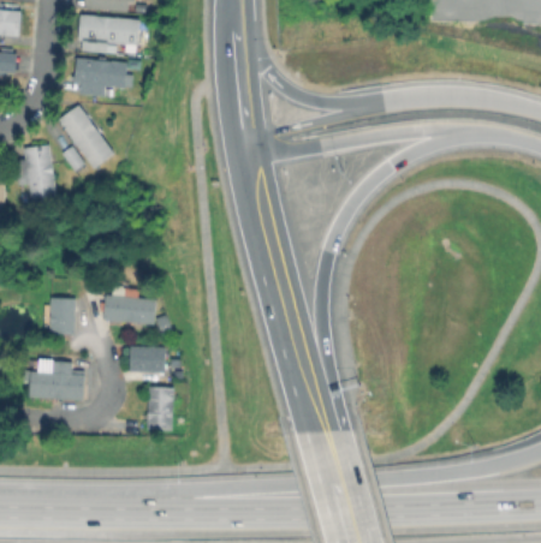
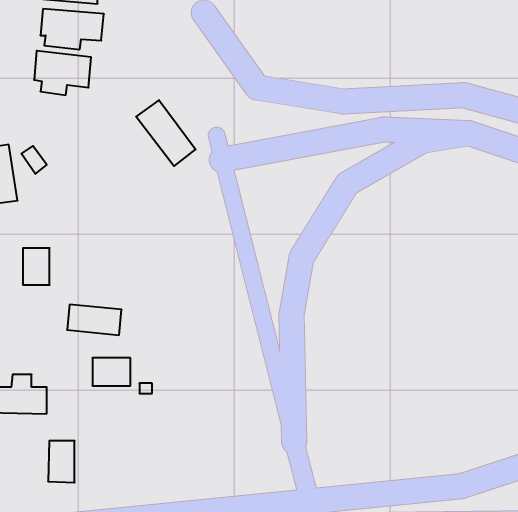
building: [58,106,114,168] -> [136,100,196,166]
building: [48,299,73,334] -> [23,248,50,285]
building: [147,390,172,430] -> [48,441,75,483]

